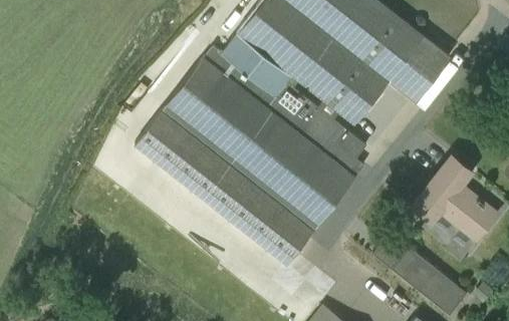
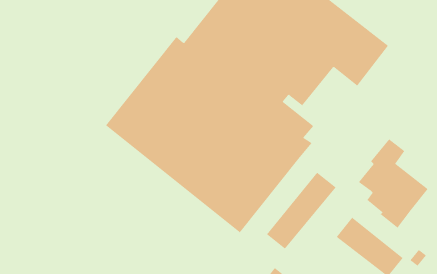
building: none -> [266,172,337,249]

